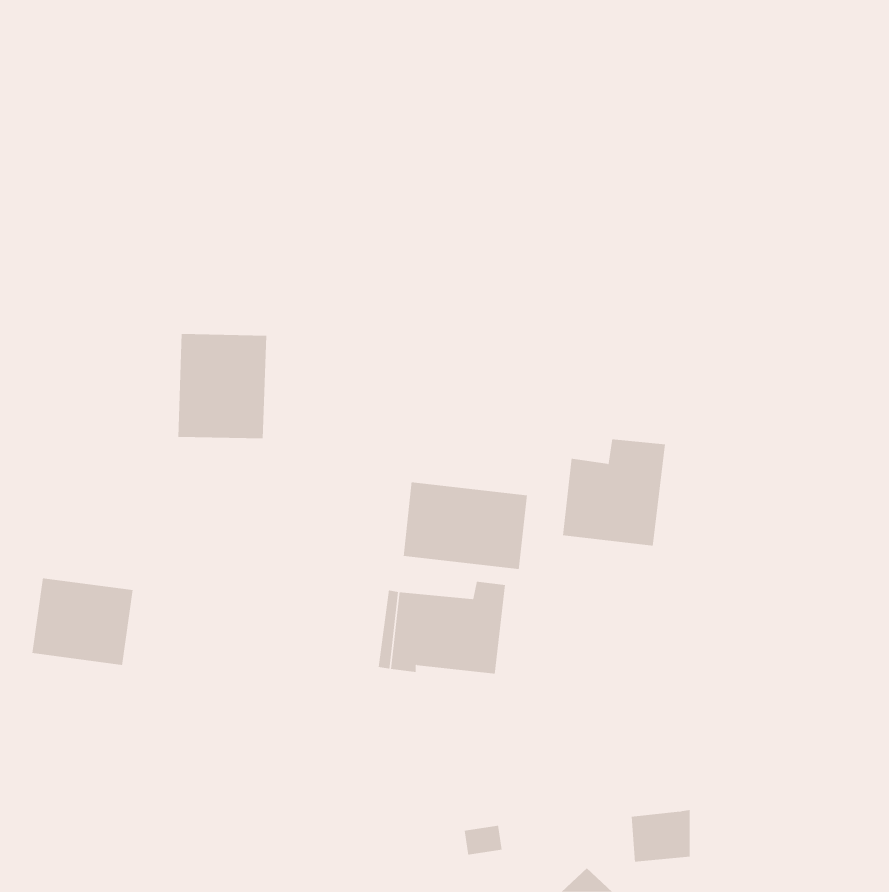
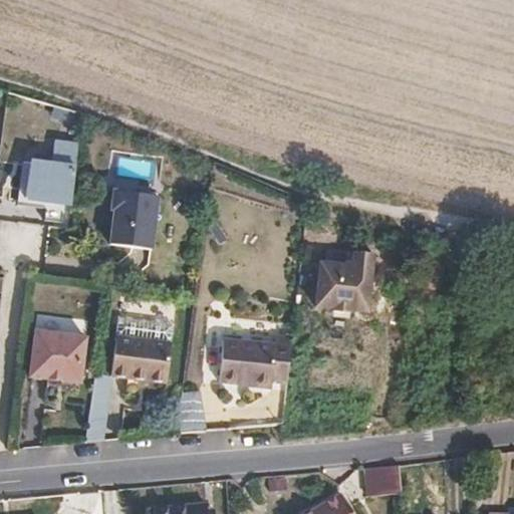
building: none -> [15,139,74,219]
building: [403,481,527,570] -> none
building: none -> [104,336,166,377]

